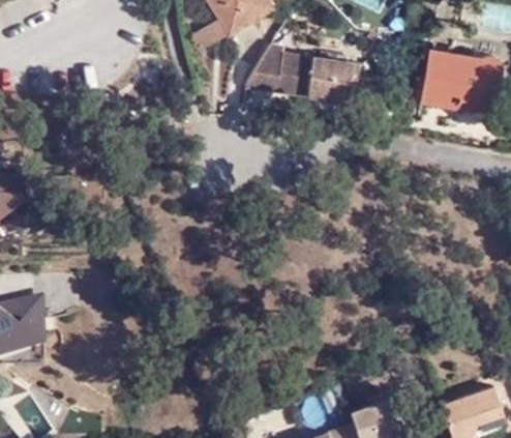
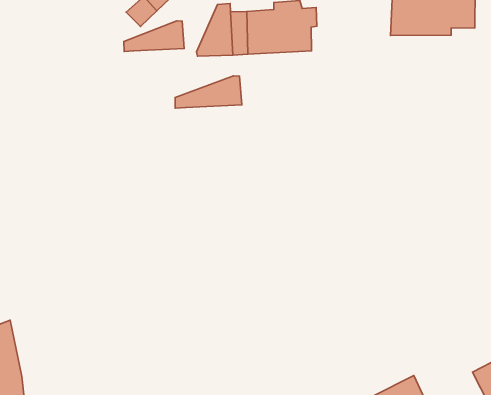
building: none -> [124,21,184,51]
building: none -> [175,76,242,108]

